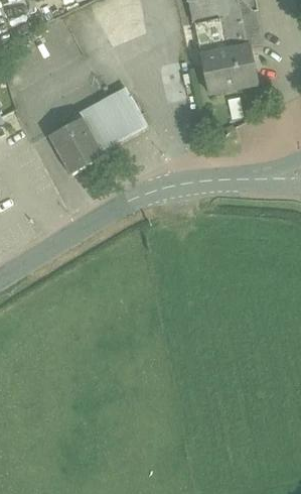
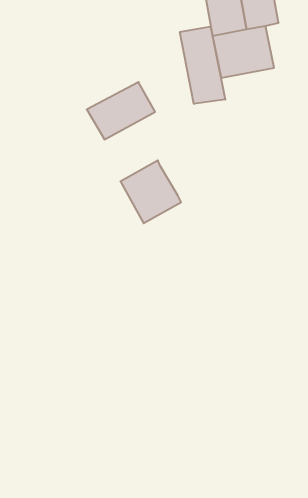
building: none -> [180,26,225,104]
building: [48,116,104,173] -> [120,160,181,223]

